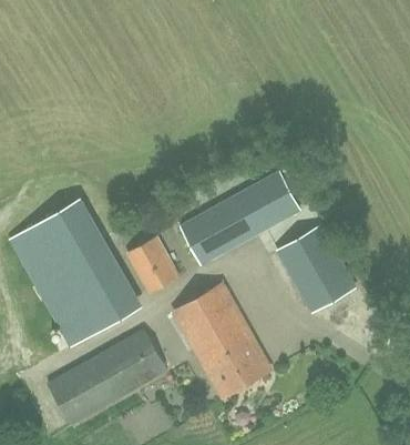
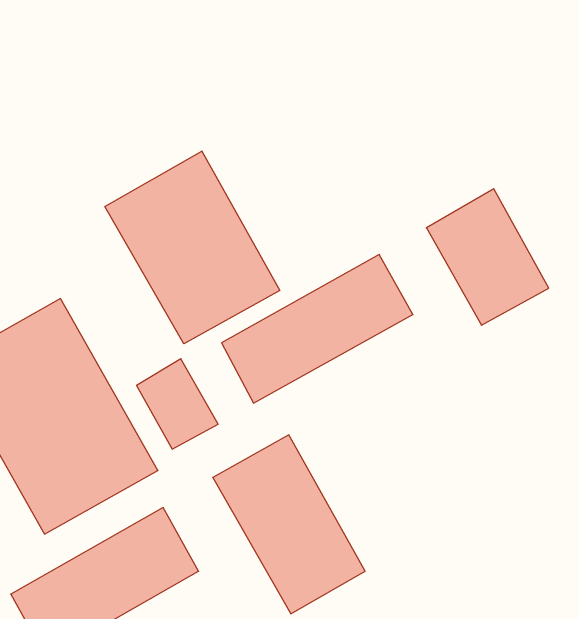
building: none -> [105,151,280,344]
building: [278,226,355,312] -> [426,189,549,325]

